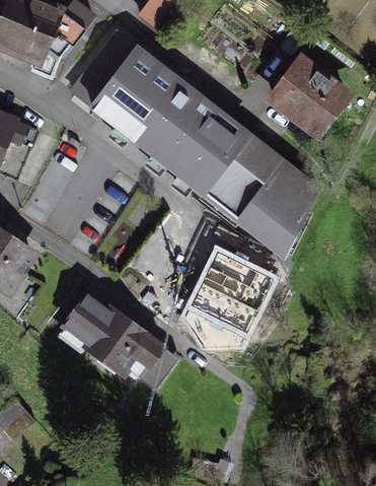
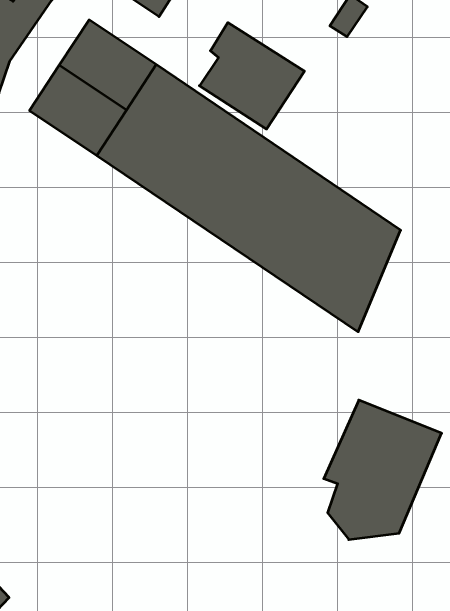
building: [274,56,346,130] -> [199,23,304,129]
building: [191,251,273,345] -> [324,400,442,540]
building: [60,294,178,388] -> none

